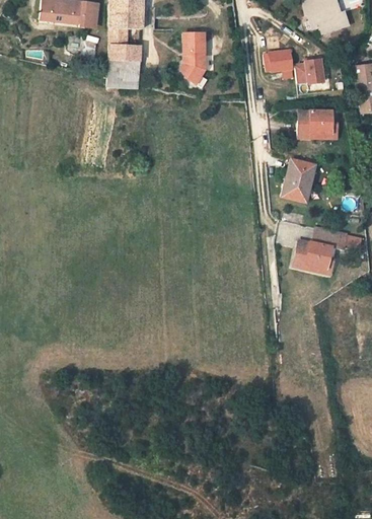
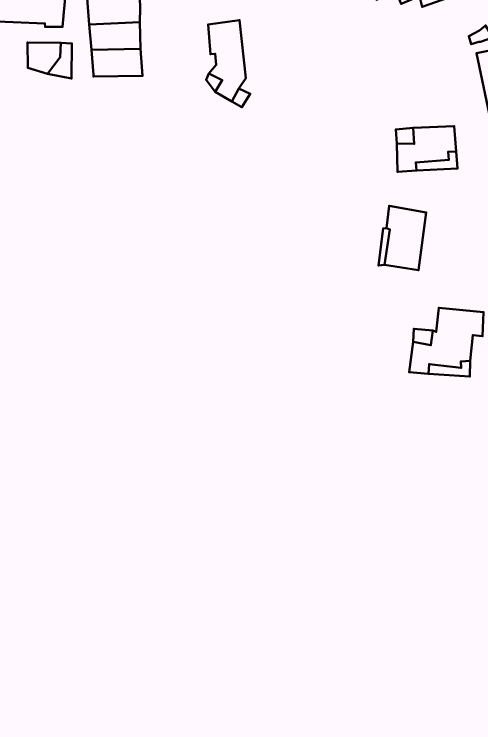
building: [270,51,293,77] -> none
building: [296,58,325,83] -> none
building: [108,61,140,89] -> none

